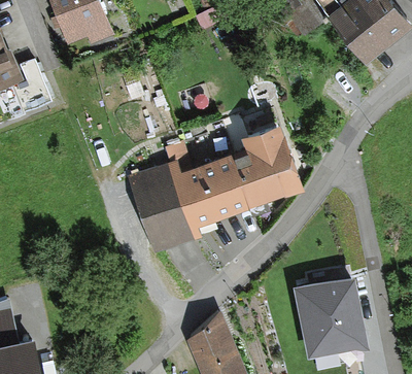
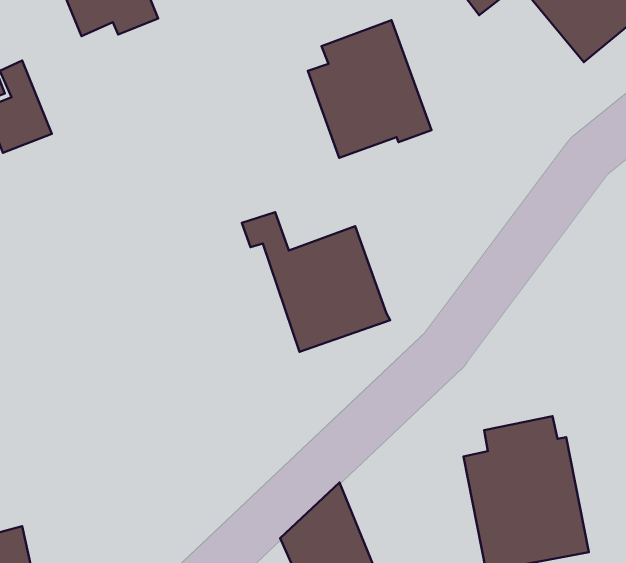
building: [230,127,303,208] -> [308,20,432,158]
building: [126,167,200,258] -> none

